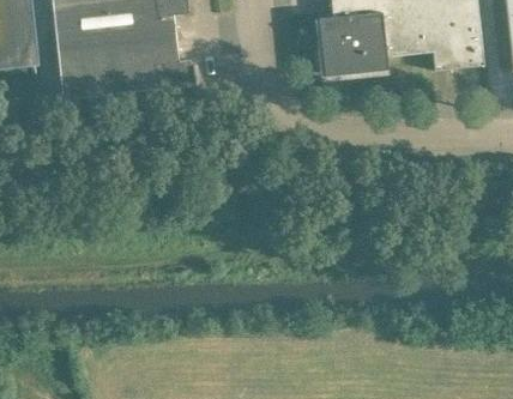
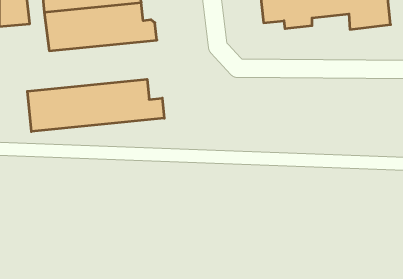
building: none -> [27,79,164,132]

